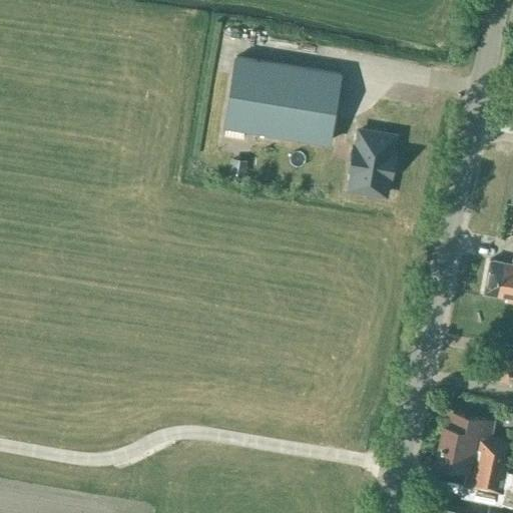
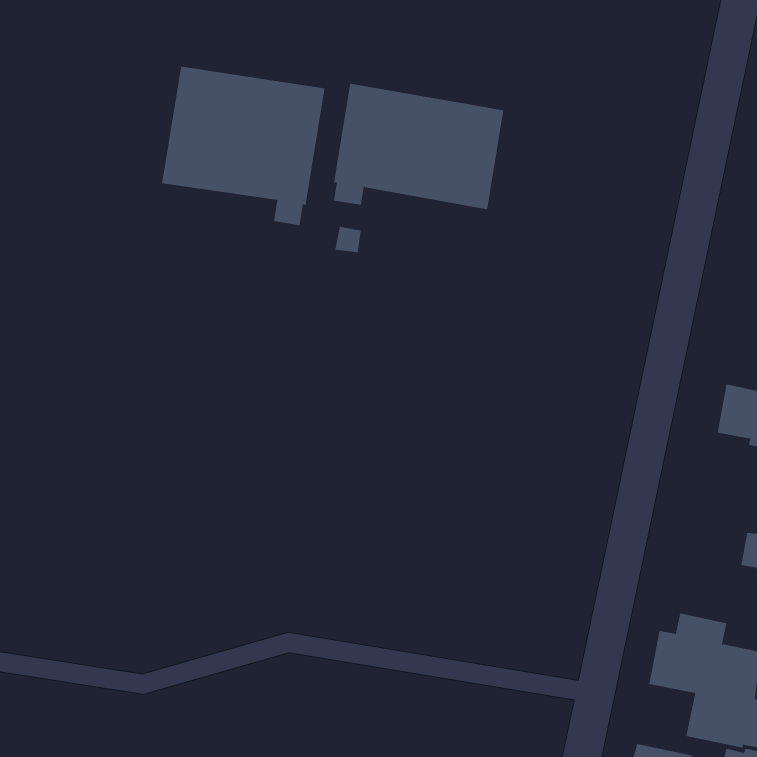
building: none -> [161,66,325,226]
building: [350,129,399,197] -> none

